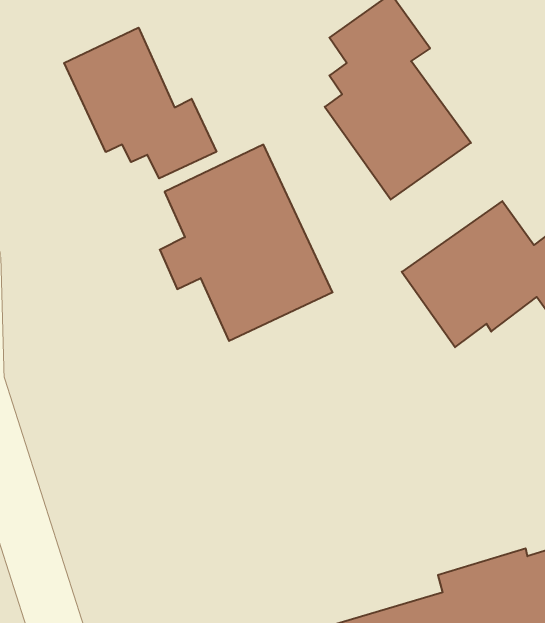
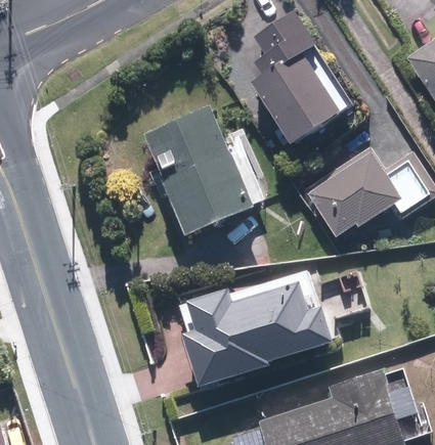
building: [64,28,216,178] -> none
building: none -> [176,279,361,387]

